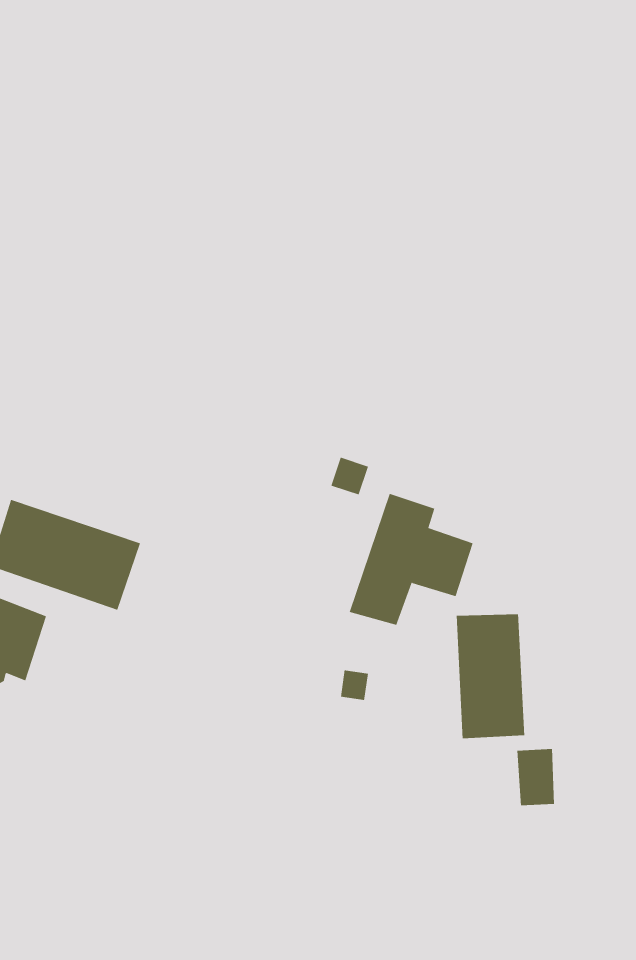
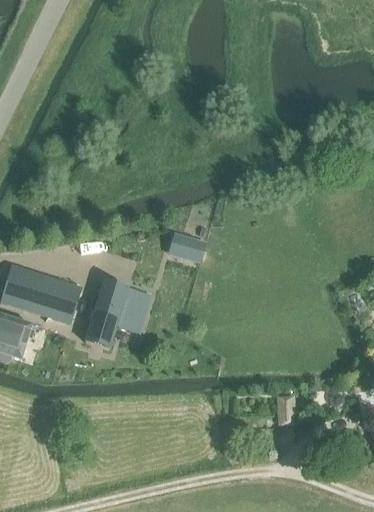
building: [349,493,473,626] -> [85,279,150,348]
building: [456,613,525,739] -> none

